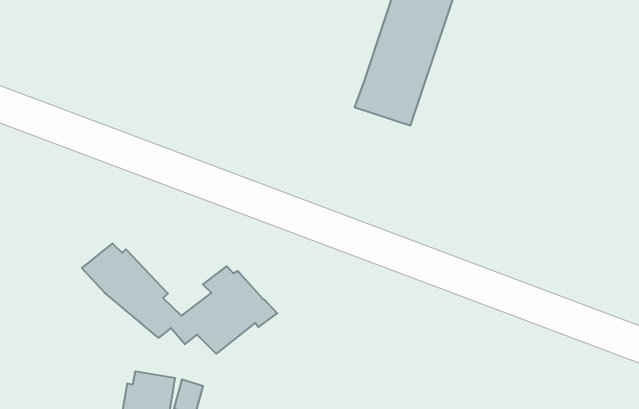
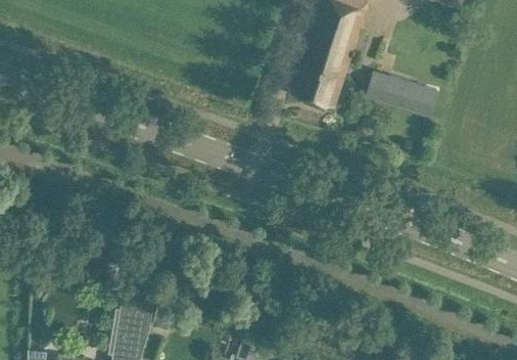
building: none -> [368,73,437,116]
building: [82,243,277,354] -> none

